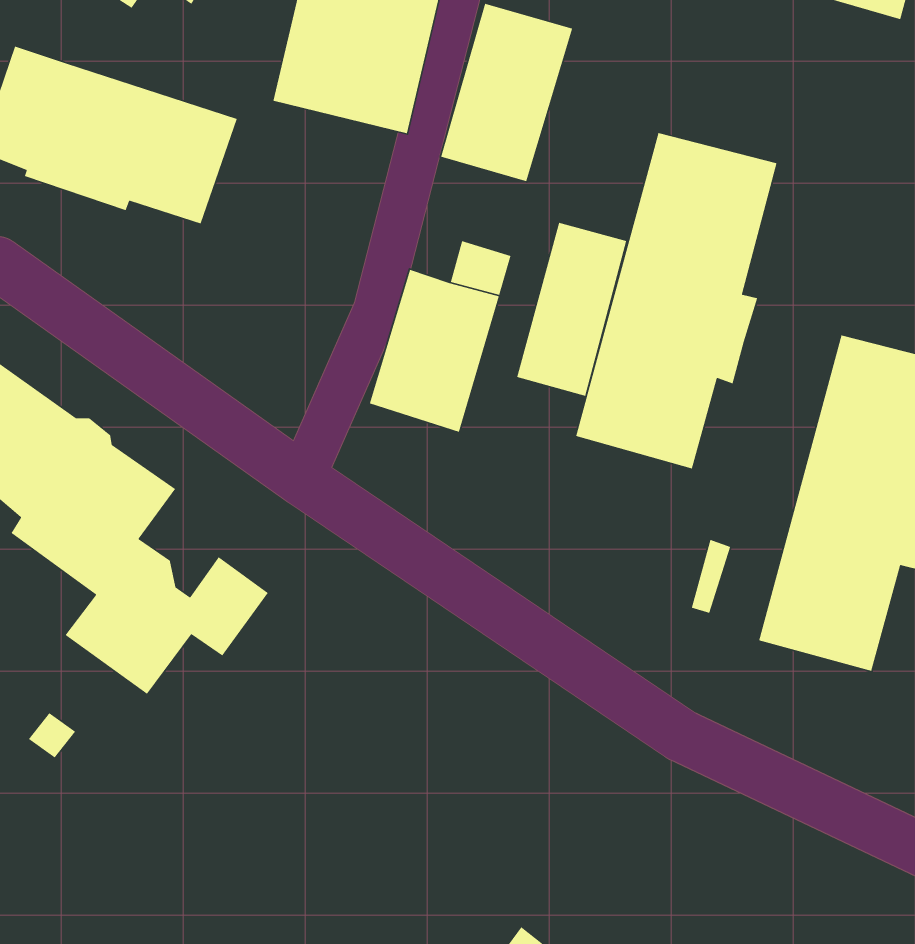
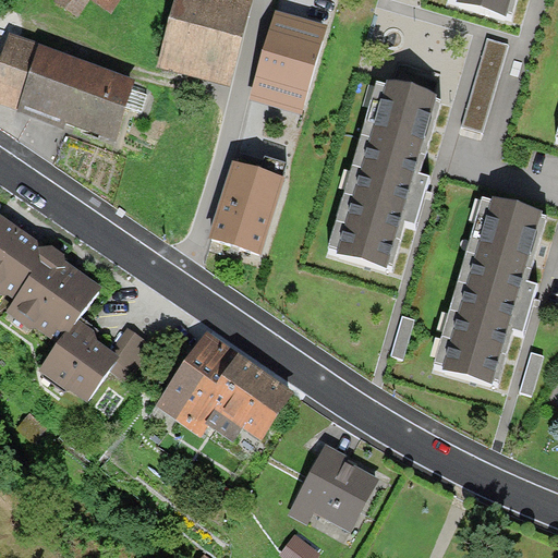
building: none -> [462,38,508,130]
building: [516,222,627,397] -> none
building: none -> [156,329,293,438]
building: none -> [296,444,376,526]

